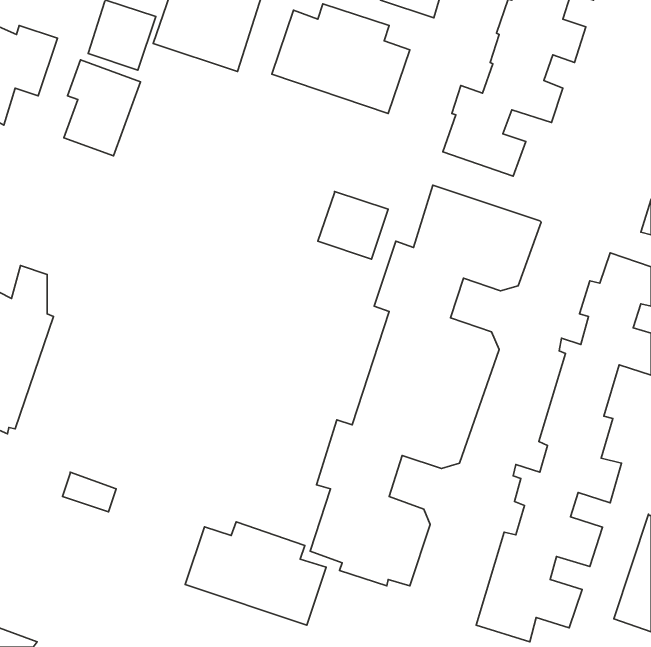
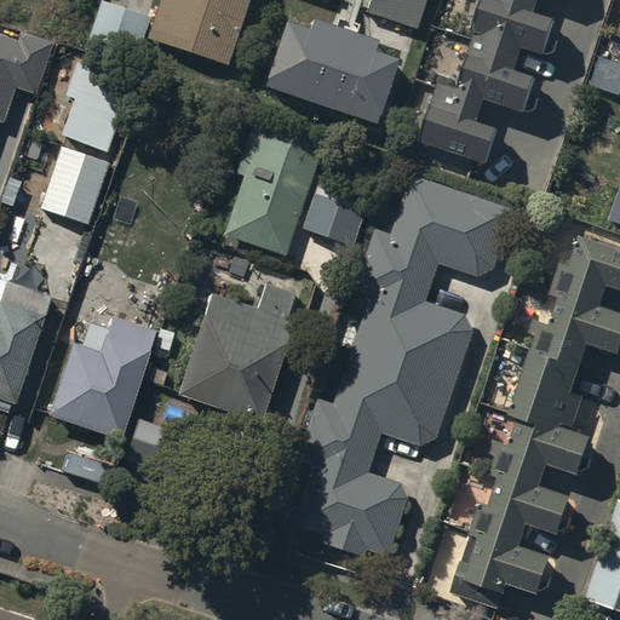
building: none -> [223,115,322,257]
building: none -> [40,145,108,224]
building: none -> [178,283,294,424]
building: none -> [46,318,157,441]
building: [185,522,326,625] -> none

